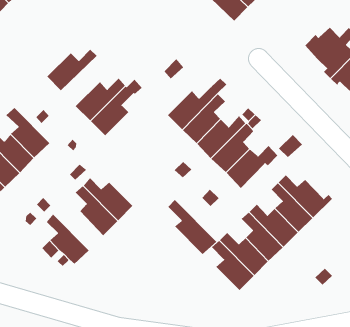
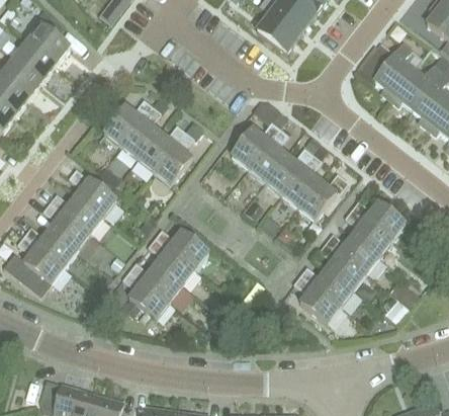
building: none -> [120,96,168,159]
building: [167,199,217,255] -> none
building: none -> [128,262,182,303]

